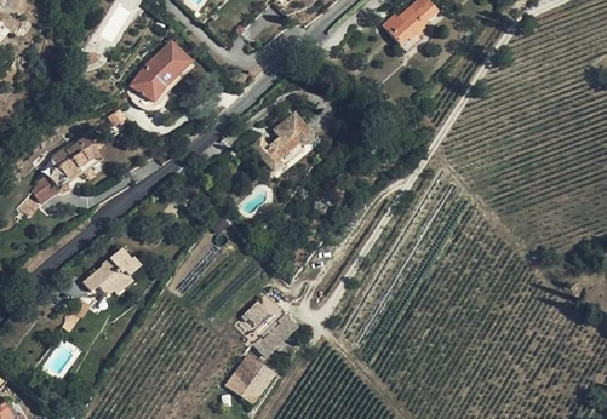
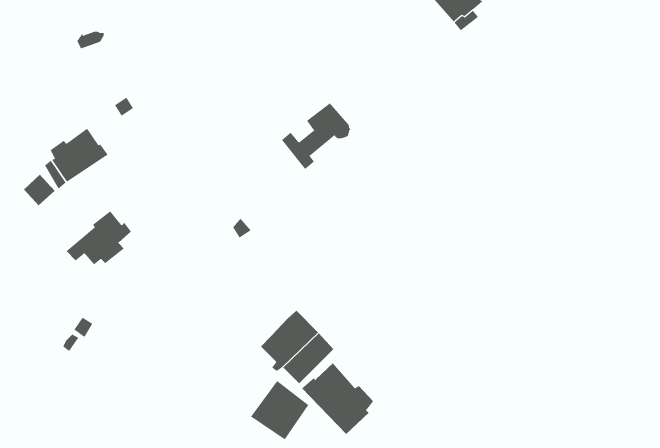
building: [128,40,190,102] -> none
building: [81,247,138,294] -> [66,211,132,265]
building: none -> [301,363,374,435]

